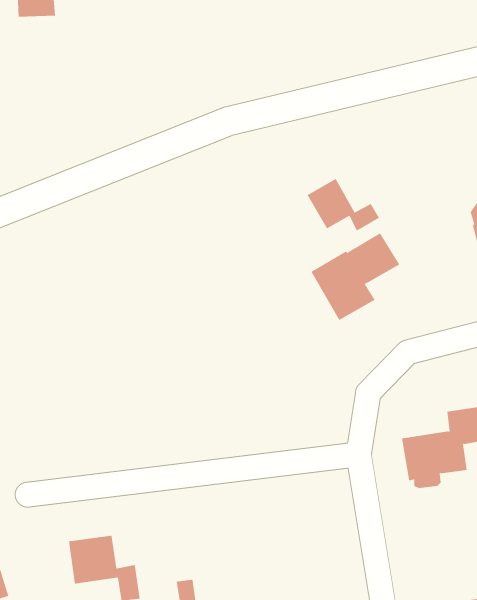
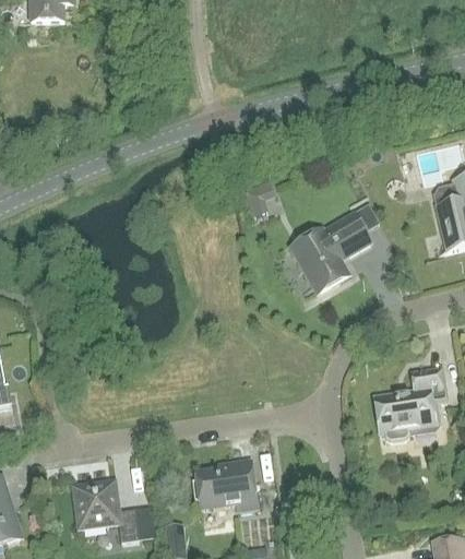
building: [307,178,380,231] -> none
building: none -> [195,463,259,510]

